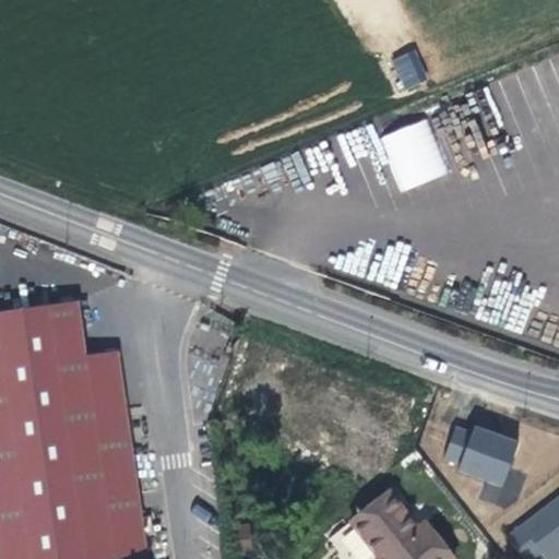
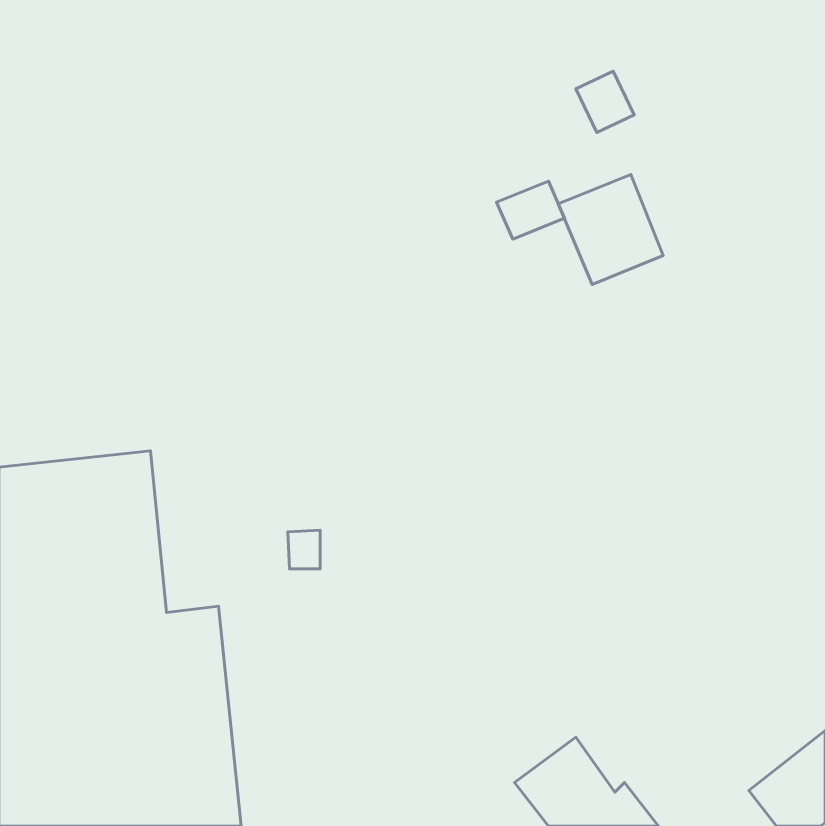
building: [440,424,520,509] -> none

